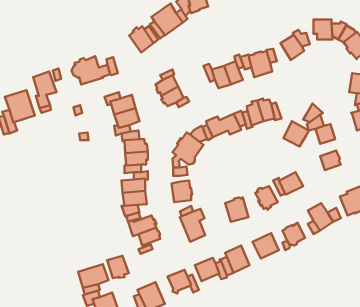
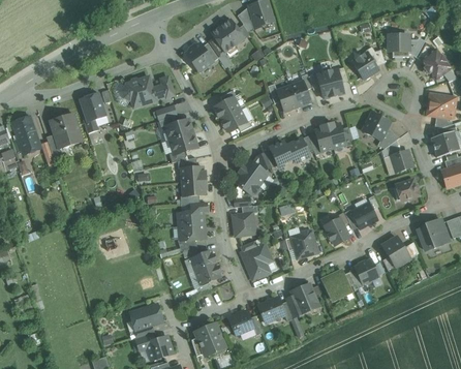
building: [283,121,309,147] -> [363,112,391,140]
building: [107,256,129,278] -> none

